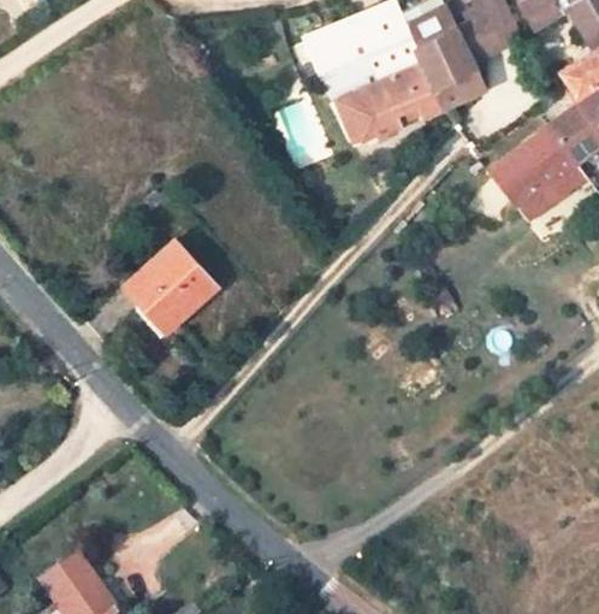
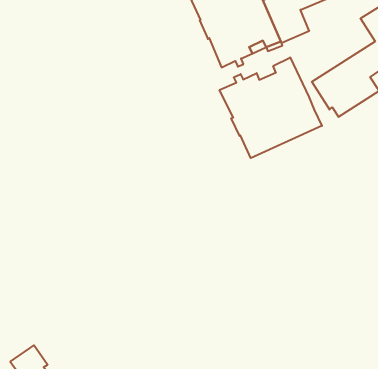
building: none -> [220,57,322,158]
building: [135,247,212,320] -> none

